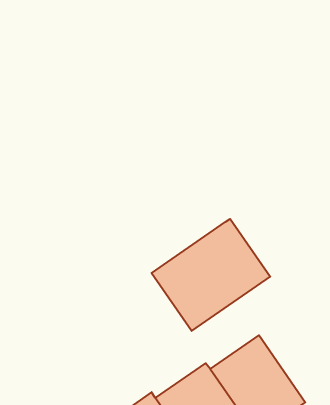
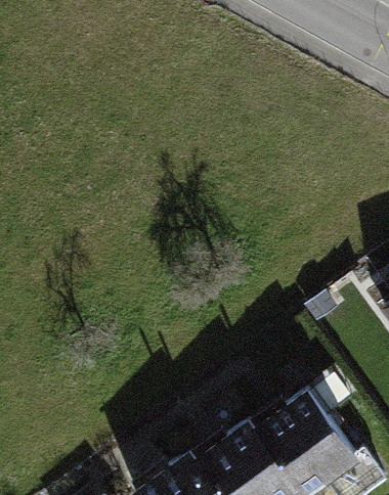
building: [152,219,270,331] -> none

